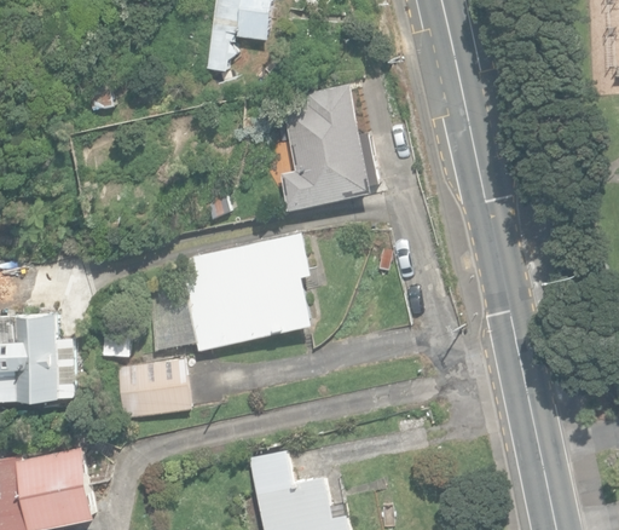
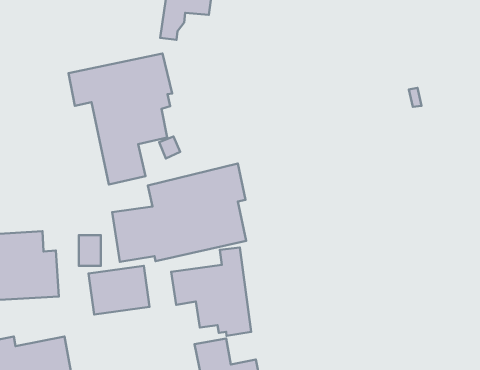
building: [279,85,372,211] -> none
building: none -> [68,53,172,185]
building: none -> [171,248,251,336]

